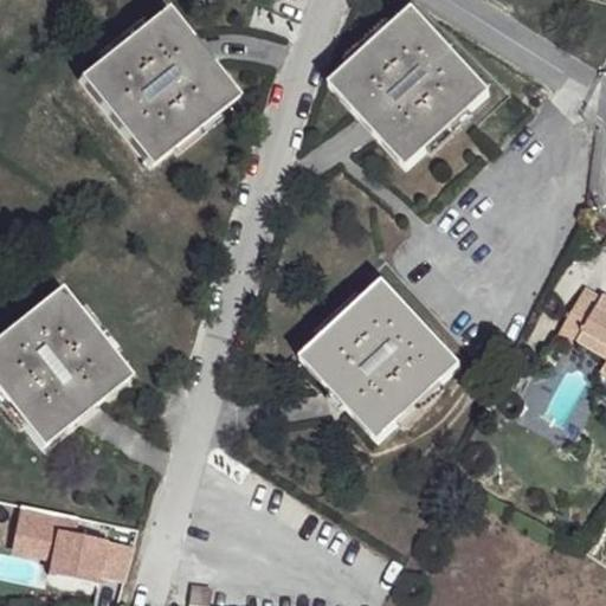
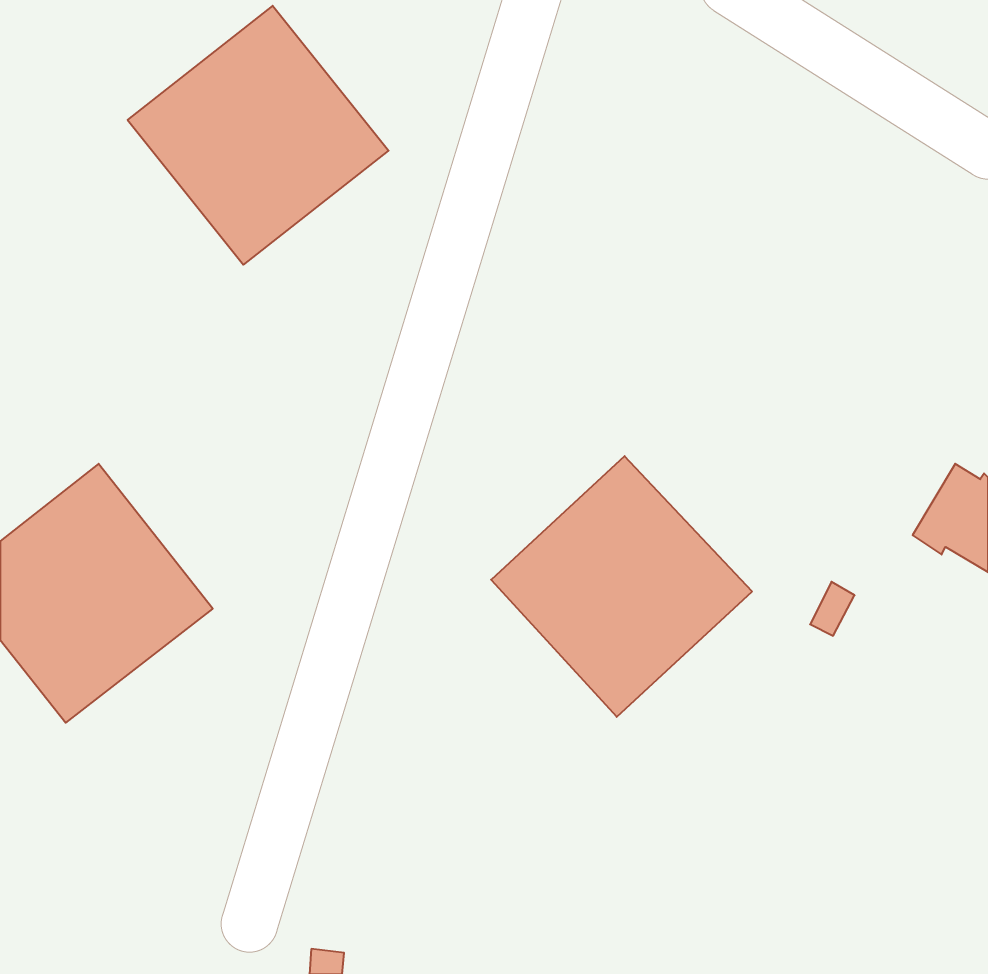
building: [329,5,489,165] -> none
building: [14,499,135,578] -> none

